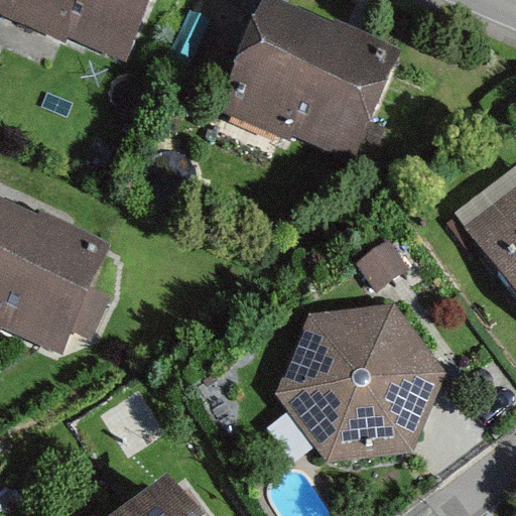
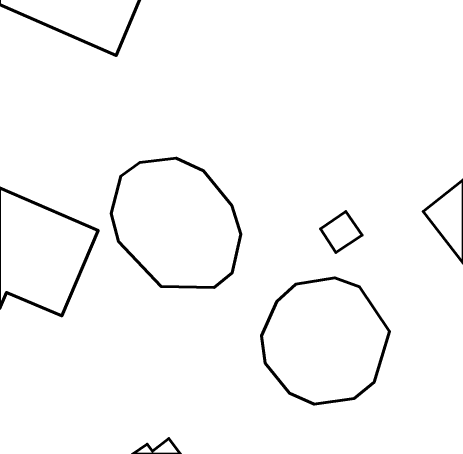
building: [218,7,392,157] -> none
building: none -> [111,158,241,288]

